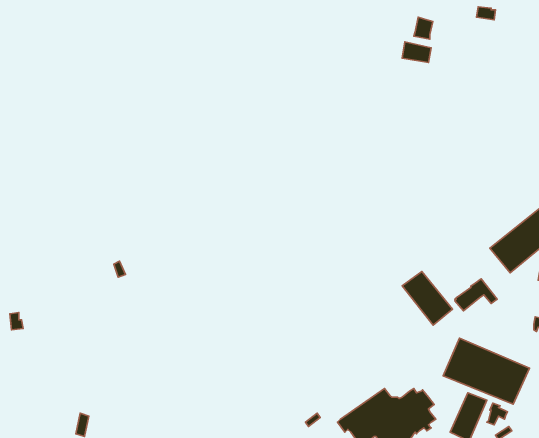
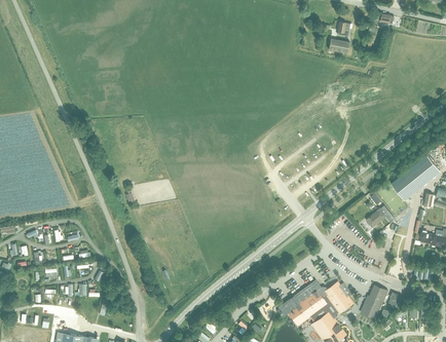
building: [402,271,452,325] -> none
building: [443,338,530,404] -> none

